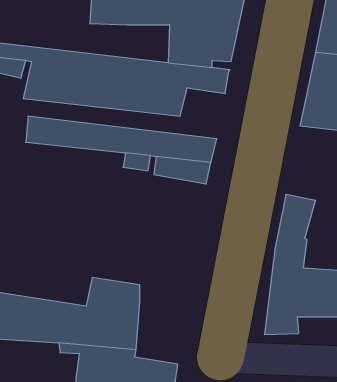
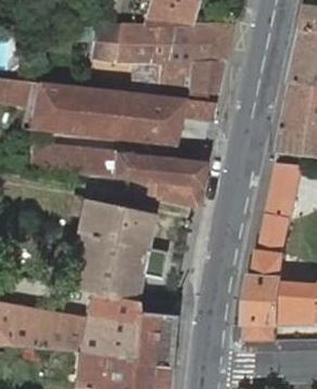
building: none -> [266,163,303,219]
building: none -> [63,195,164,296]
building: none -> [128,311,172,368]

